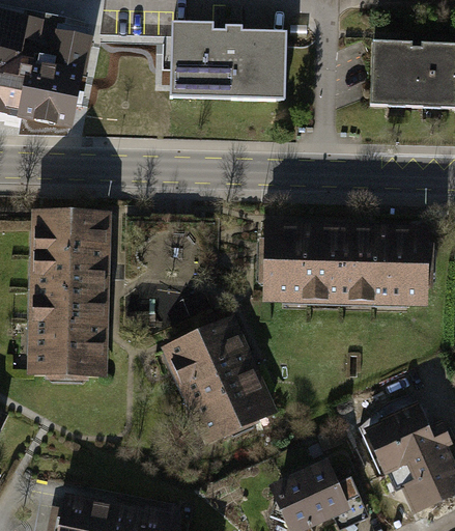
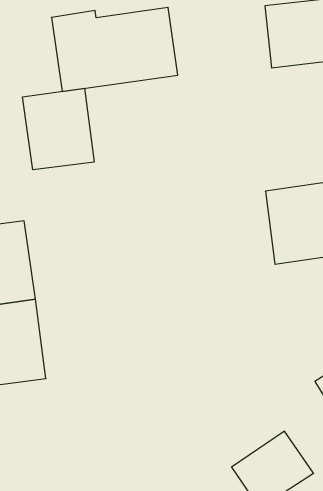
building: none -> [23,88,94,170]
building: [264,225,347,300] -> none
building: [161,317,275,443] -> none

